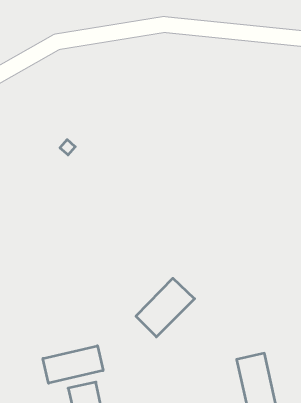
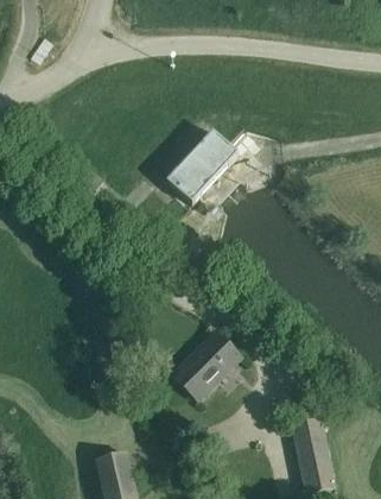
building: none -> [166,130,239,202]
building: [43,346,103,383] -> none

